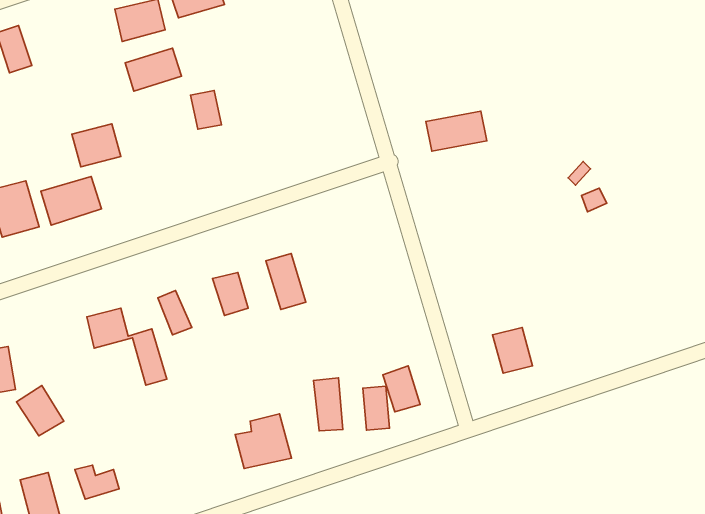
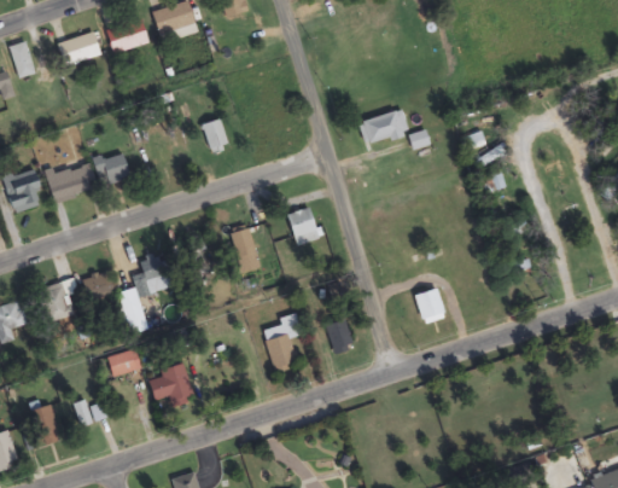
building: [125,48,181,91] -> [56,31,101,66]
building: [190,91,221,129] -> [204,118,229,150]
building: [72,124,121,167] -> [92,151,132,186]
building: none -> [286,207,321,246]
building: [17,386,64,436] -> [39,281,77,323]
building: [363,386,390,430] -> none
building: none -> [106,348,144,378]
building: [235,414,292,468] -> [148,362,194,407]

